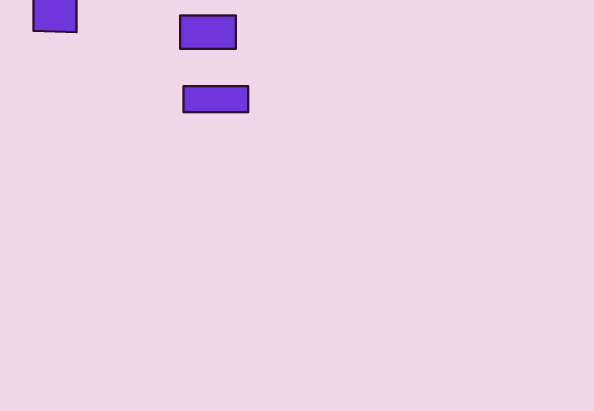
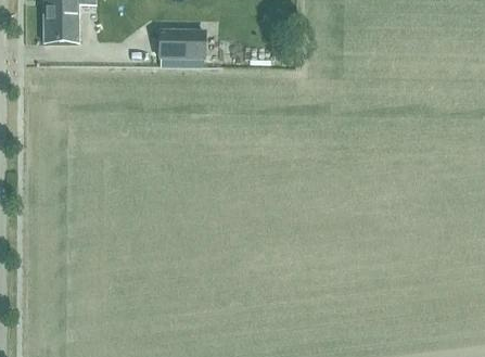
building: [184,86,248,112] -> none

